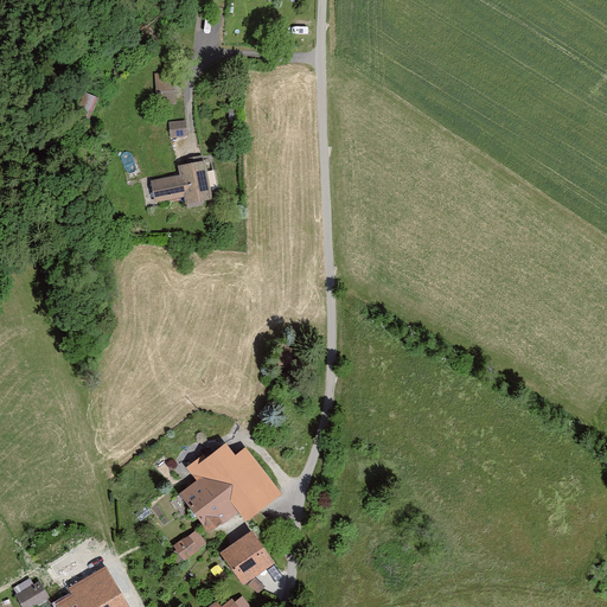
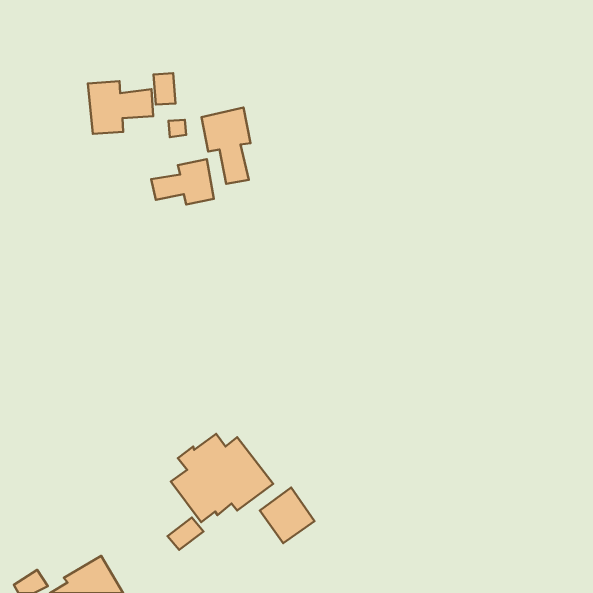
building: none -> [88,81,153,134]
building: none -> [201,107,251,184]
building: [218,529,274,586] -> [260,487,314,543]

